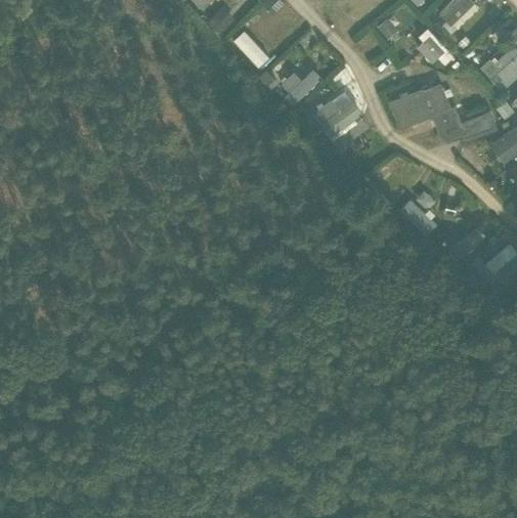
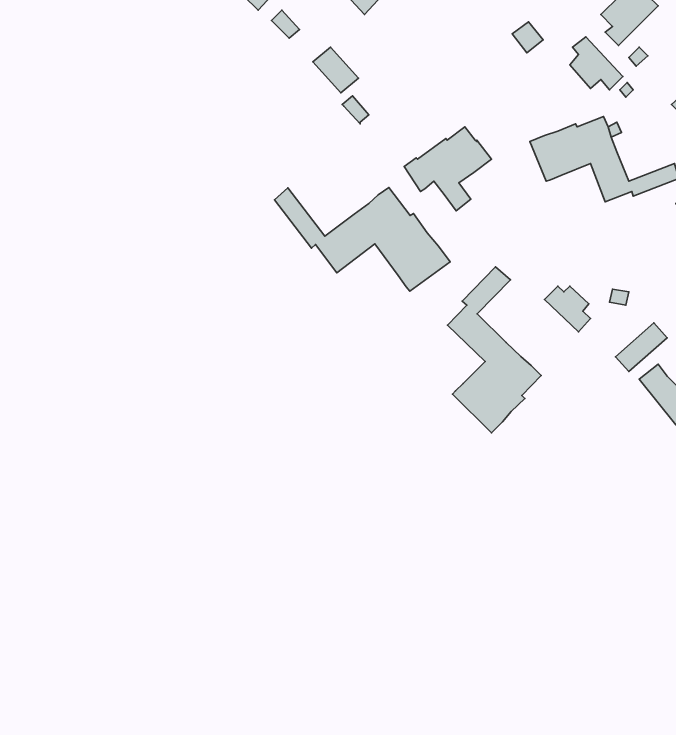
building: [281,68,321,104] -> none
building: none -> [275,187,450,291]
building: none -> [447,267,541,433]

